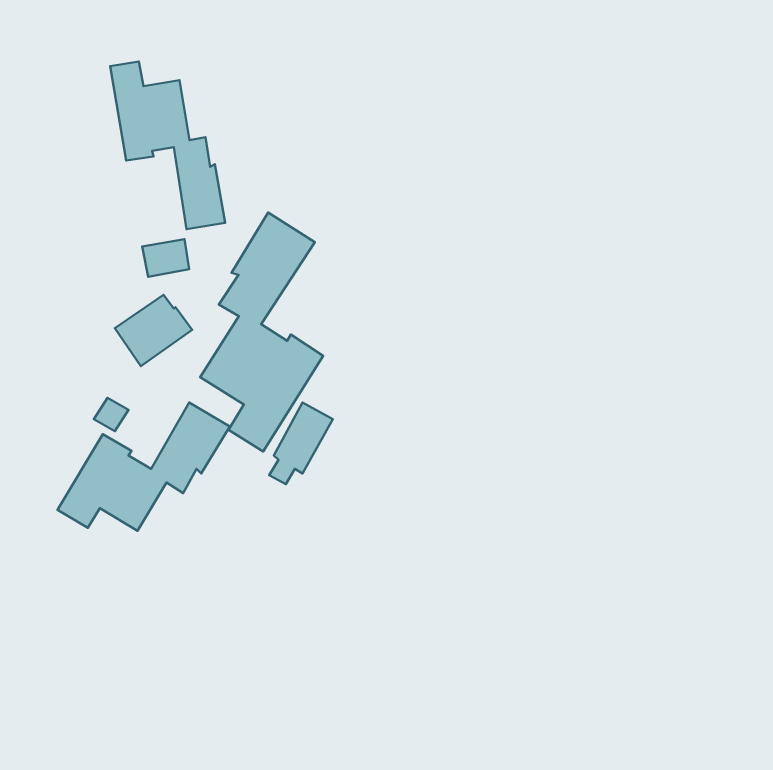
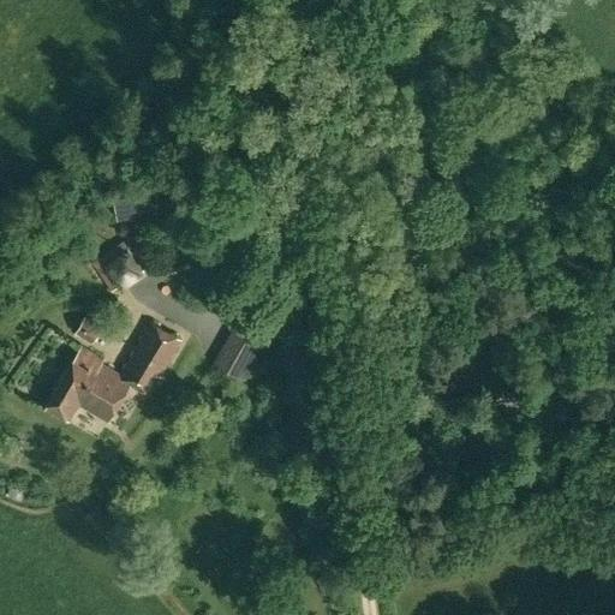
building: [110,61,225,229] -> none
building: [200,213,323,452] -> none

